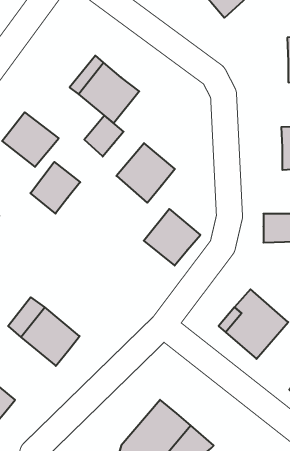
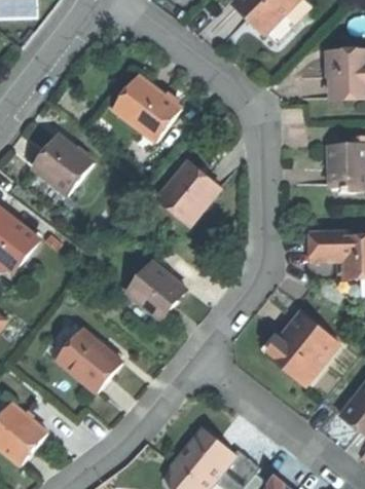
building: [84,116,124,157] -> none
building: [30,162,80,214] -> none
building: [144,209,200,266] -> [125,261,184,319]

